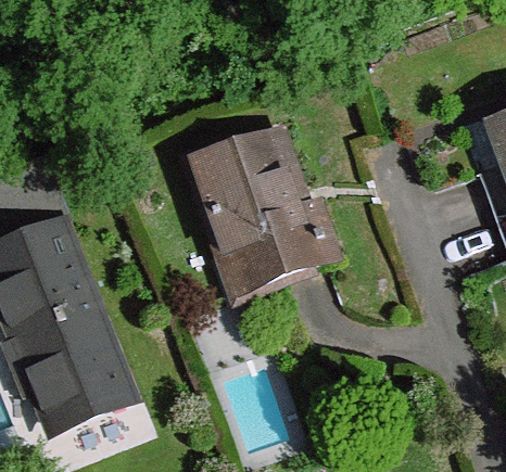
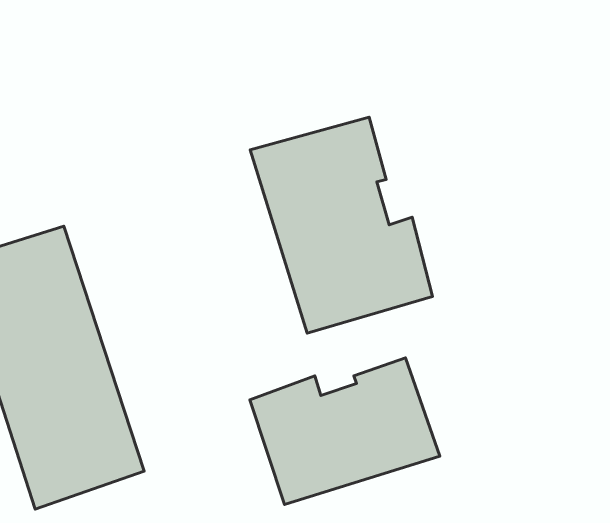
building: none -> [250,358,440,505]

